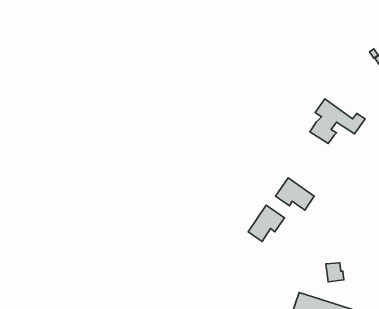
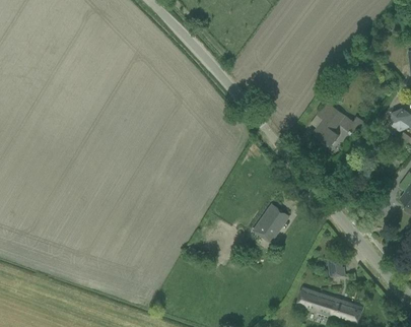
building: [276,178,314,210] -> none

